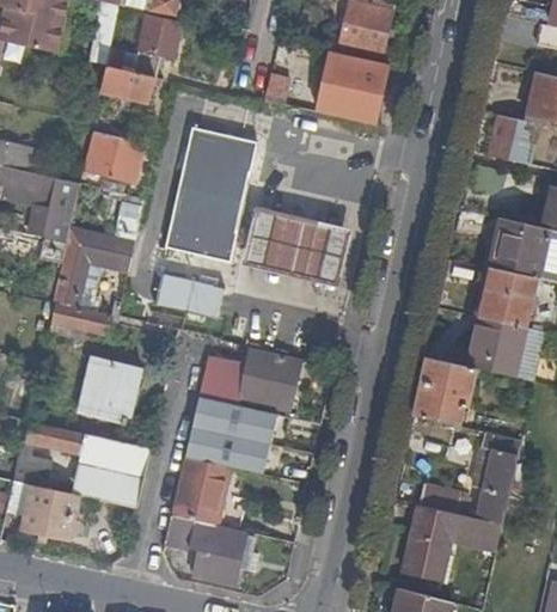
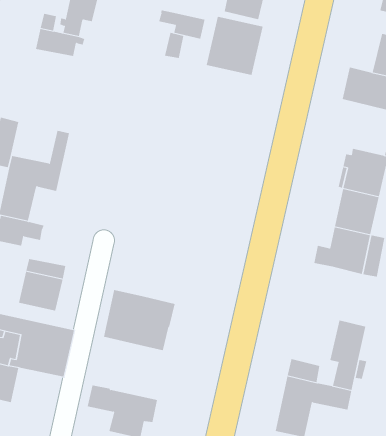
building: none -> [159,9,205,40]
building: [165,126,257,261] -> none
building: [87,131,143,182] -> none
building: [244,207,349,283] -> none
building: [157,273,222,318] -> none
building: [198,348,299,409] -> none
building: [414,356,476,426] -> none
building: [172,455,231,525] -> none

